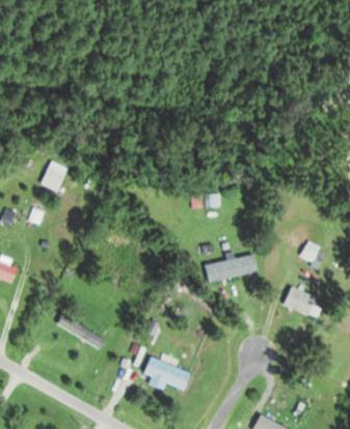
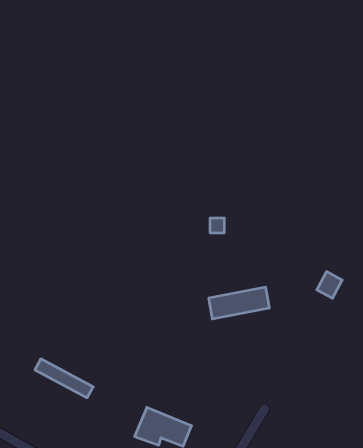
building: [41,161,69,192] -> none
building: [284,288,319,314] -> none

